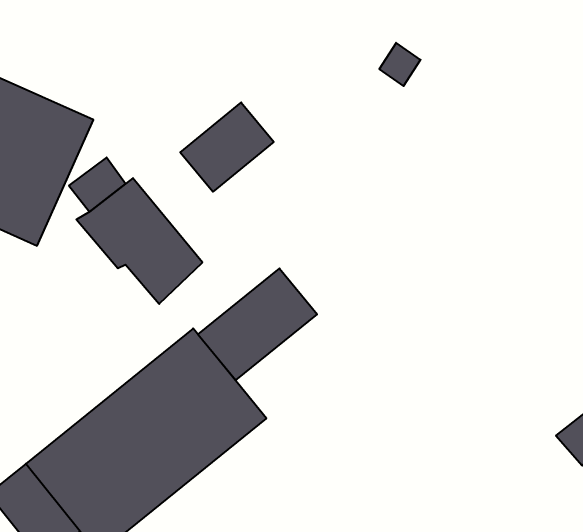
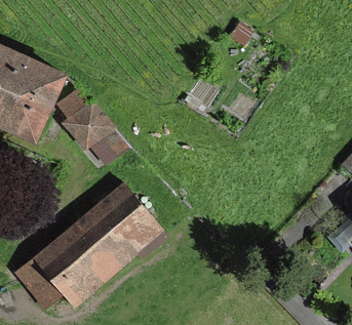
building: [180,102,274,192] -> none
building: [198,268,317,380] -> none

